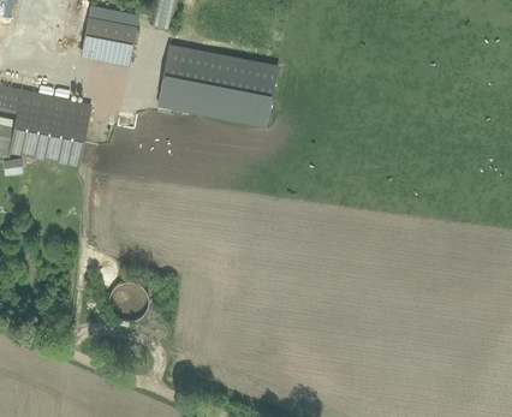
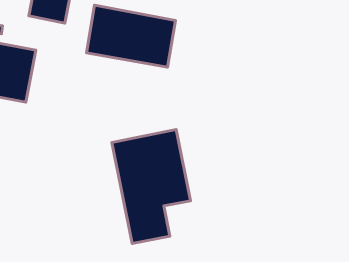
building: none -> [112,130,190,243]
building: [109,284,145,321] -> none

